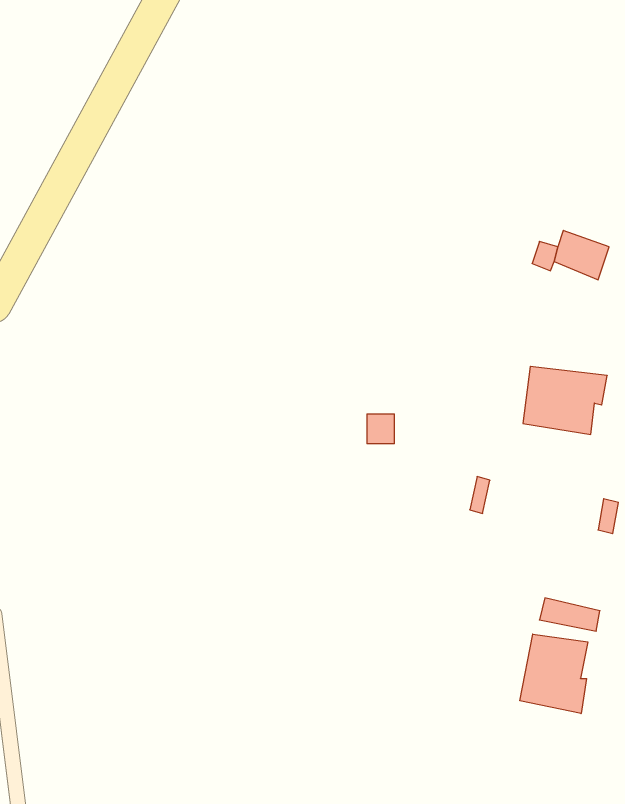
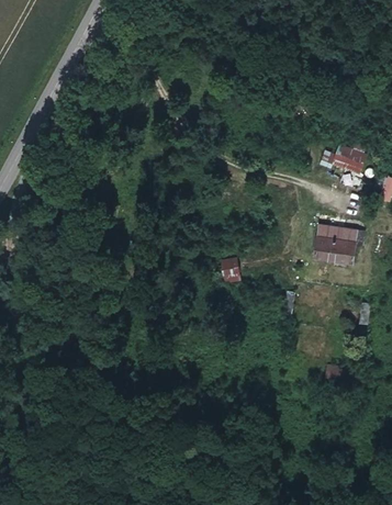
building: [520,634,588,714] -> none

